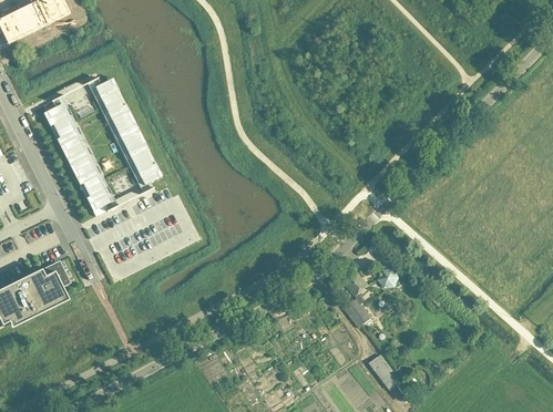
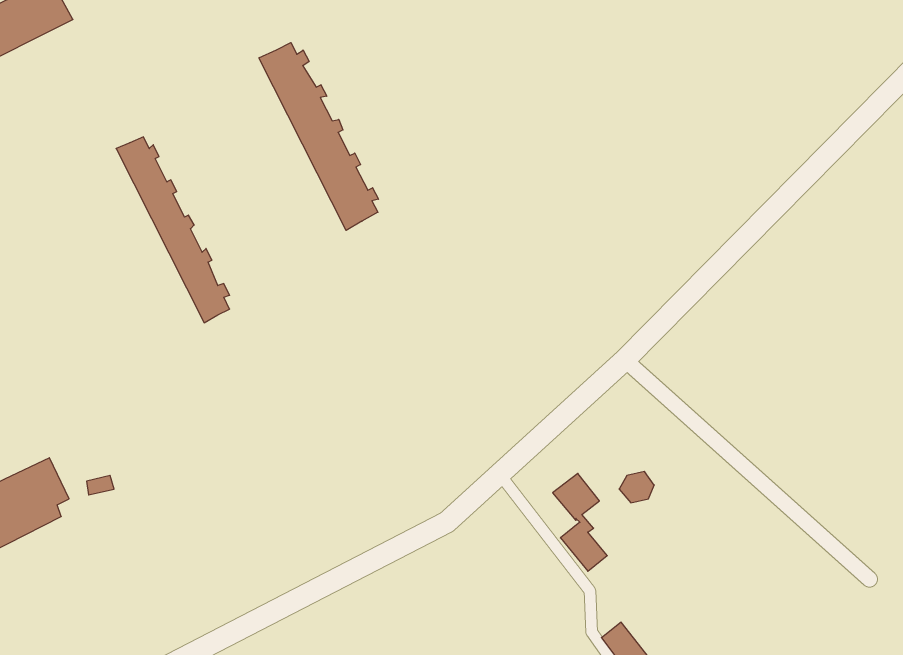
building: none -> [259,43,378,230]
building: [47,103,110,215] -> none

